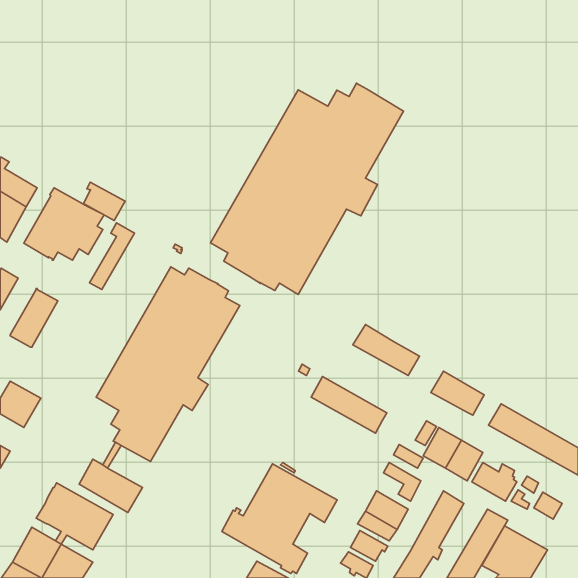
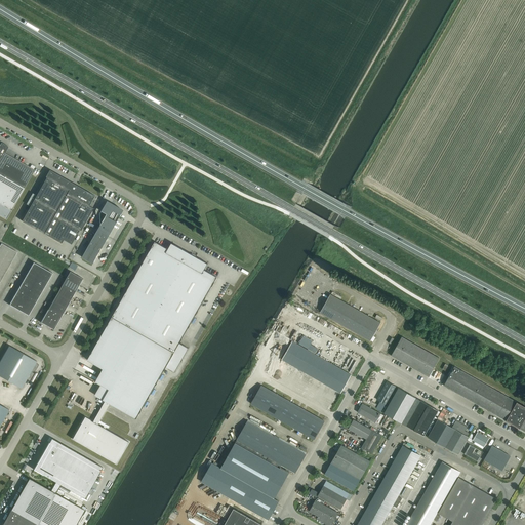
building: [210,83,403,294] -> none
building: [84,182,125,221] -> none
building: none -> [40,271,83,329]
building: none -> [251,386,324,439]

